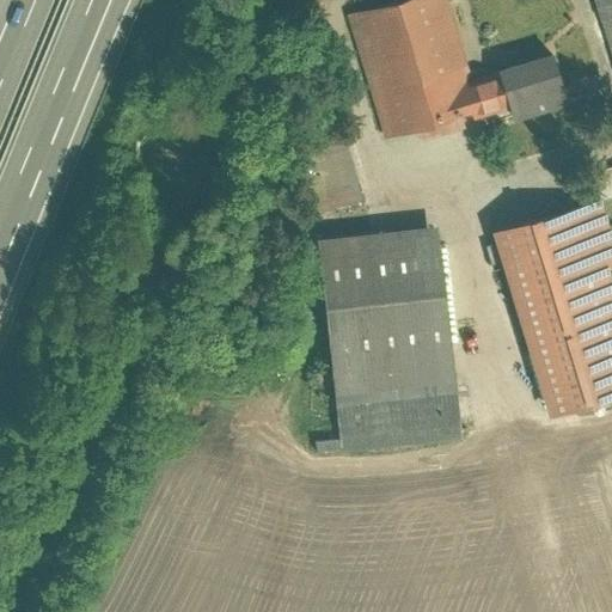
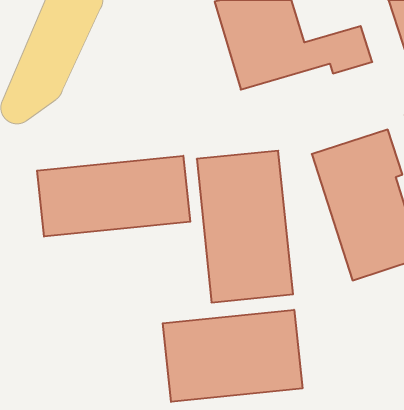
building: none -> [37,156,190,237]
building: none -> [163,310,302,402]

